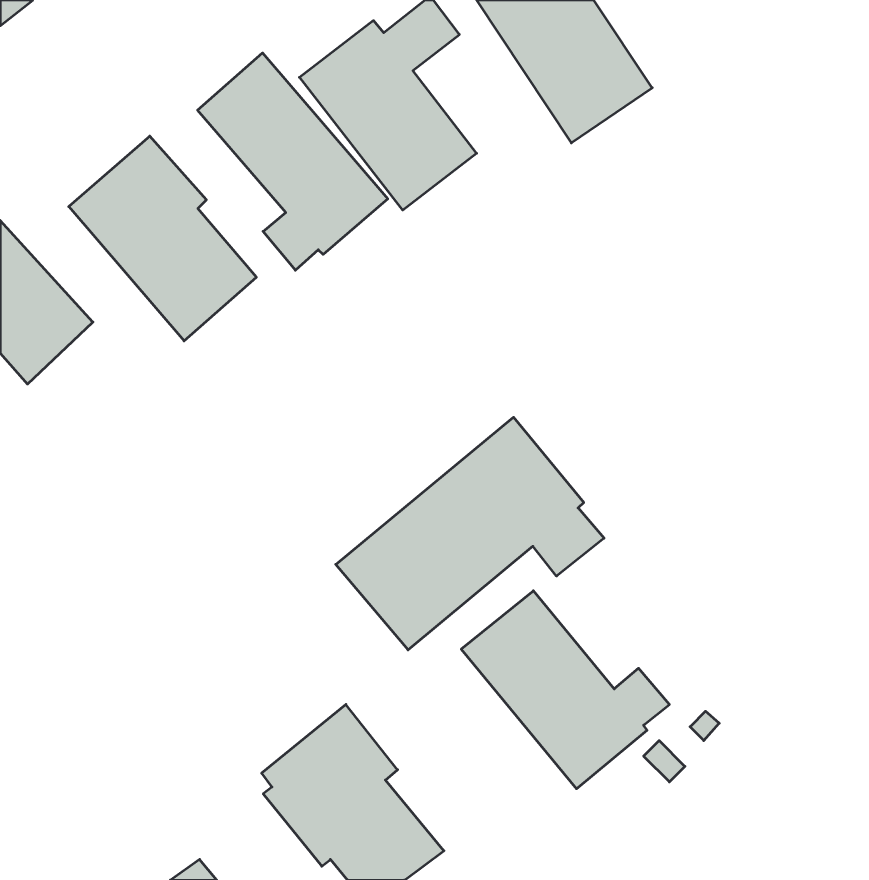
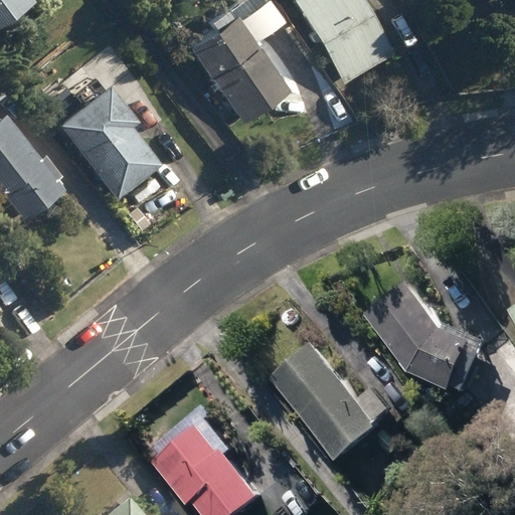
building: [198,53,388,270] -> none
building: [336,417,604,650] -> none
building: none -> [372,285,485,391]

